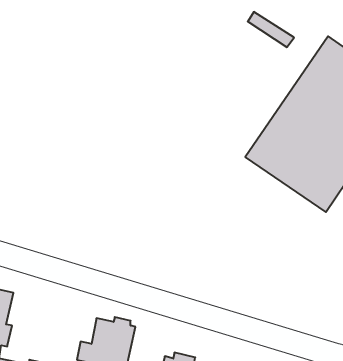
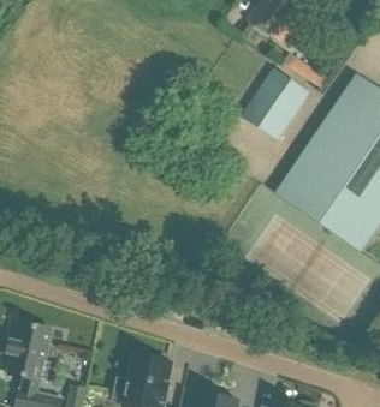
building: none -> [241,66,309,138]

